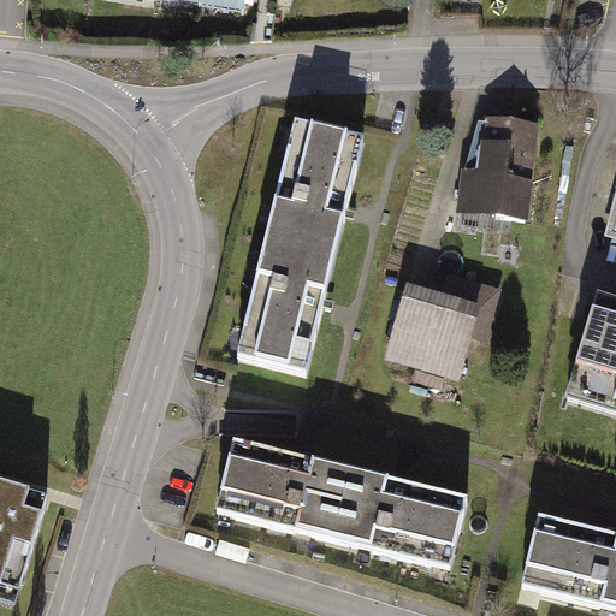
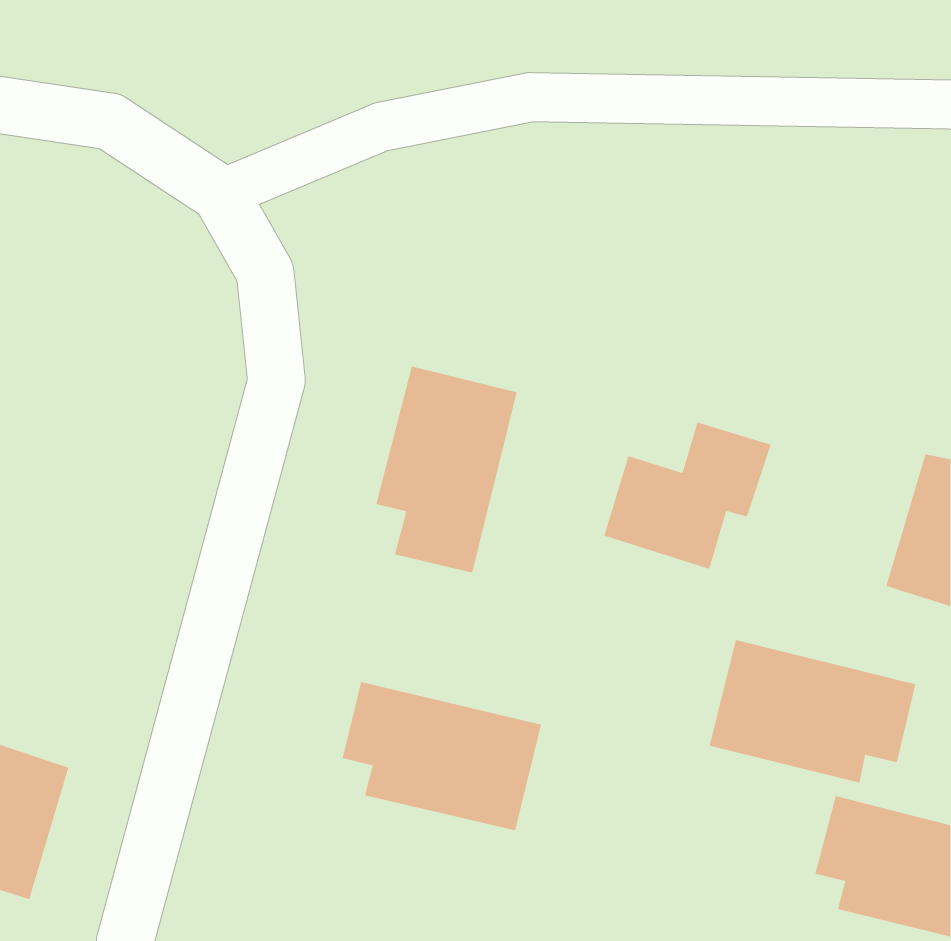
building: [458,118,533,214] -> none
building: [265,123,362,253] -> none
building: [332,467,466,559] -> [709,639,916,783]

